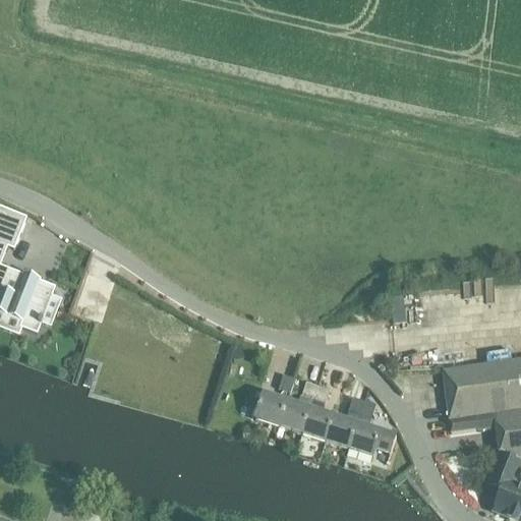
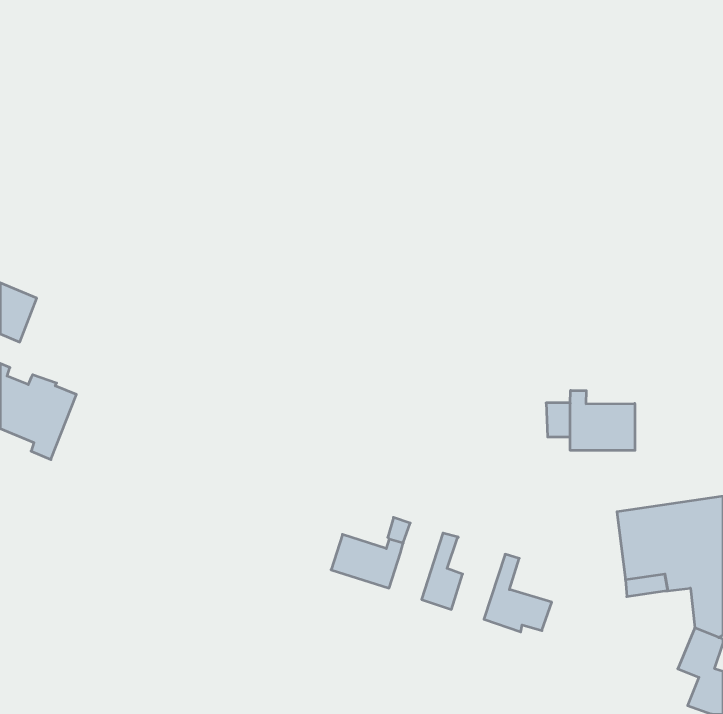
building: none -> [570,390,635,450]
building: [280,380,319,431] -> none
building: [325,396,363,446] -> none

